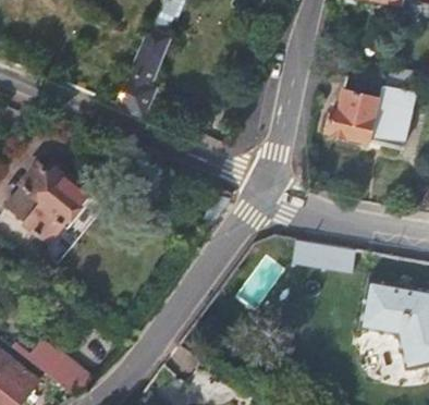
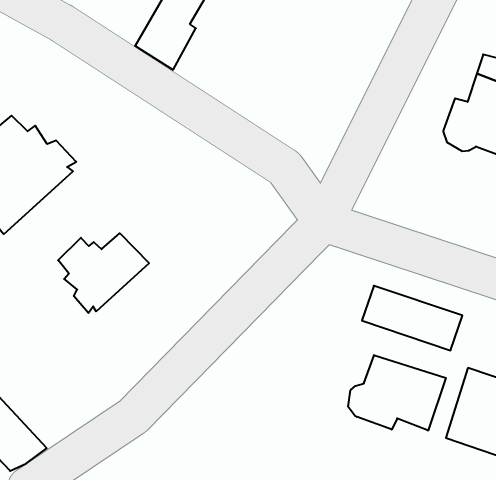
building: none -> [58,233,149,313]
building: none -> [348,355,446,431]

